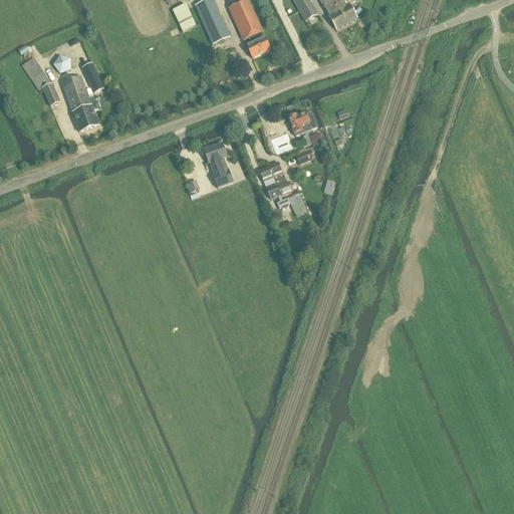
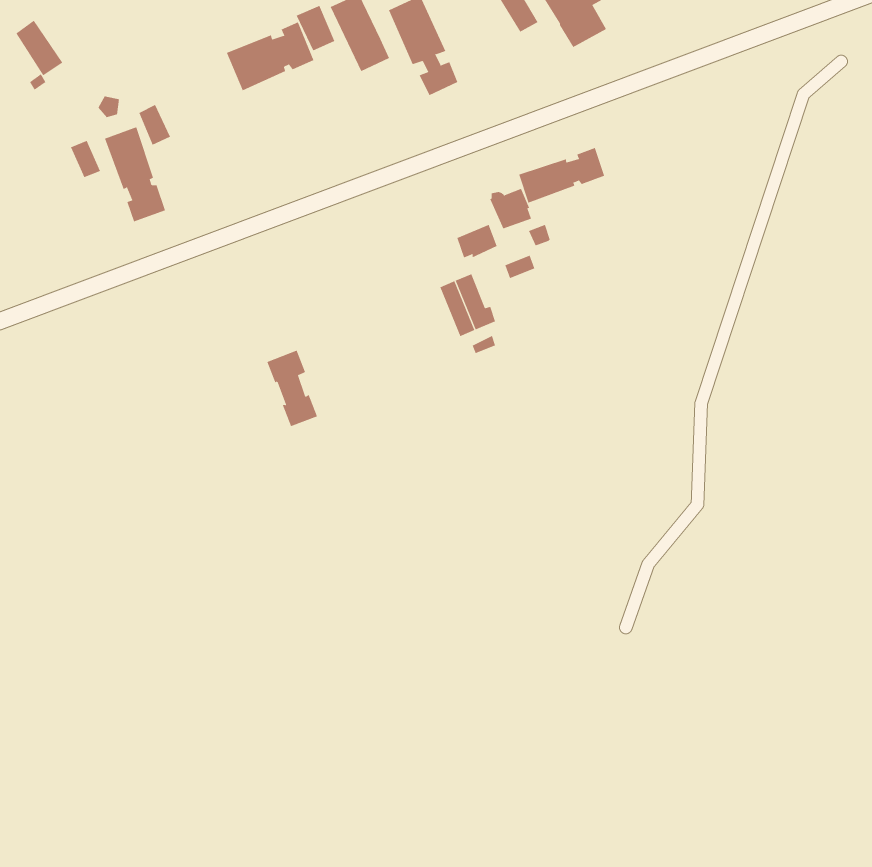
building: none -> [226,21,314,91]
building: [21,55,49,88] -> [15,20,63,76]
building: none -> [519,147,605,203]
building: [203,142,233,187] -> [266,350,318,427]

